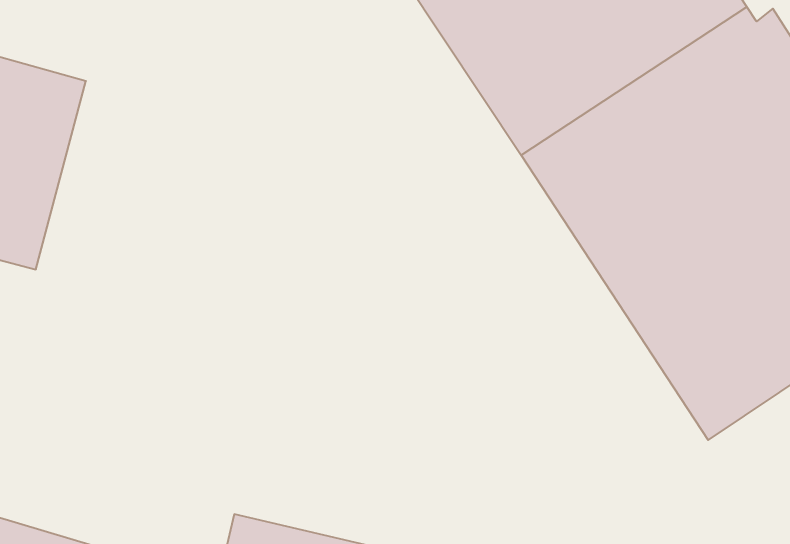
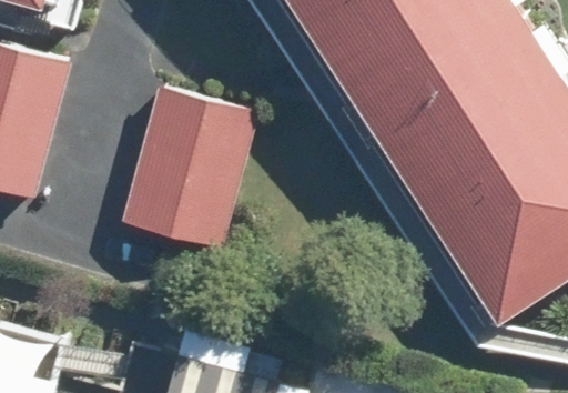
building: none -> [121,93,253,242]

